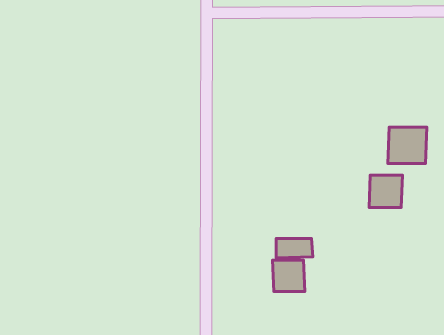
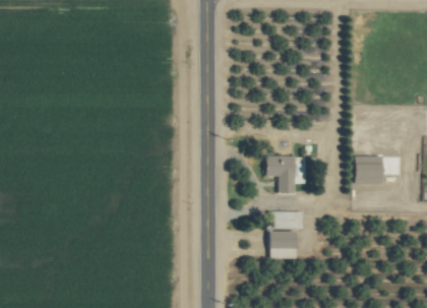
building: [388,127,427,164] -> none
building: none -> [267,156,307,192]

